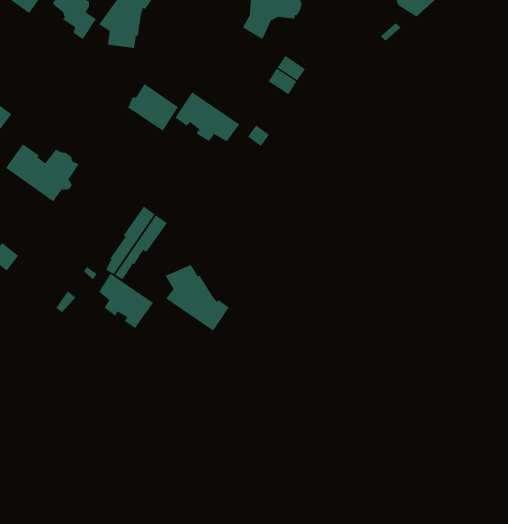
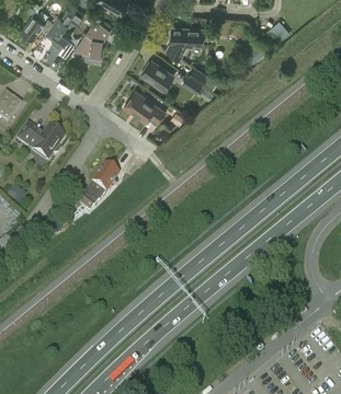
building: [127,83,179,131] -> [140,57,173,88]
building: [165,264,230,331] -> none
building: [96,273,154,329] -> none

